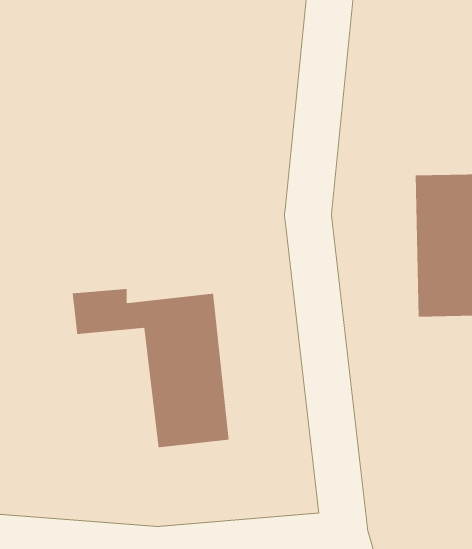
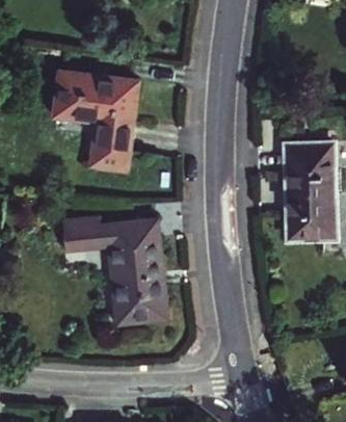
building: none -> [55,74,134,167]

